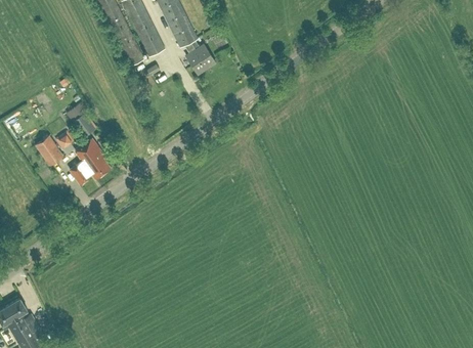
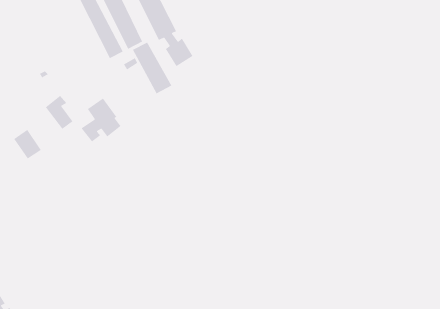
building: none -> [132,41,173,95]
building: [70,138,111,183] -> [81,98,122,143]

